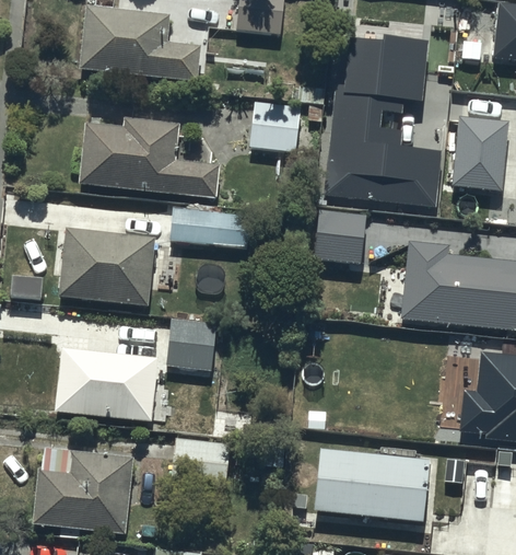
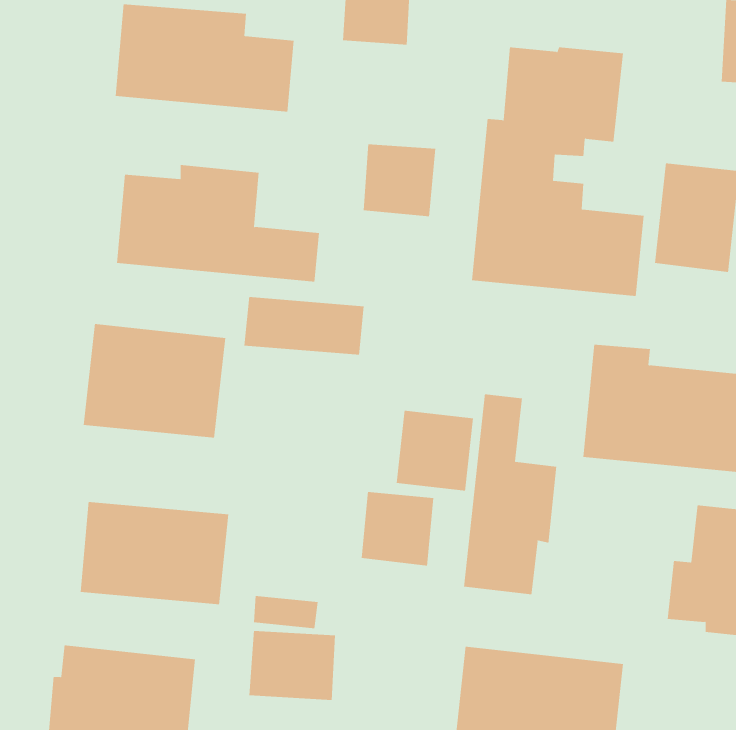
building: [314,209,367,265] -> [396,410,474,491]
building: none -> [464,394,557,595]
building: [166,320,216,371] -> [361,491,434,566]

